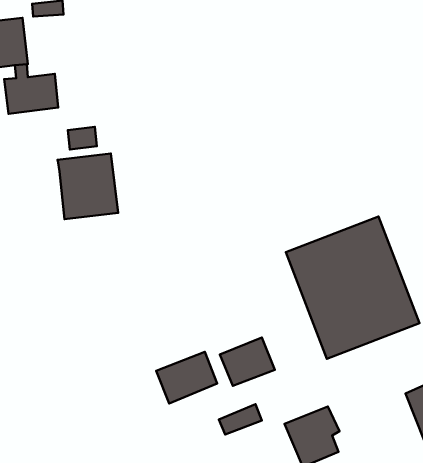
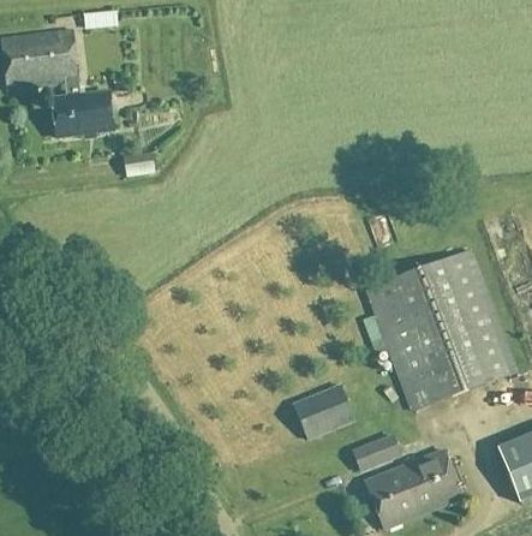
building: [58,153,118,219] -> none
building: [156,352,217,403] -> none
building: none -> [412,448,461,512]
building: [219,404,262,435] -> [352,435,400,469]

